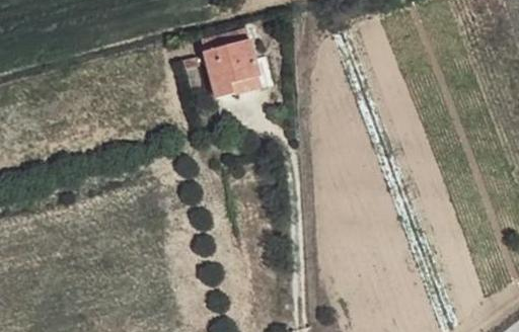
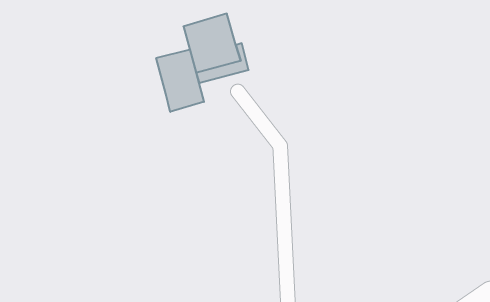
building: none -> [156,49,204,112]

